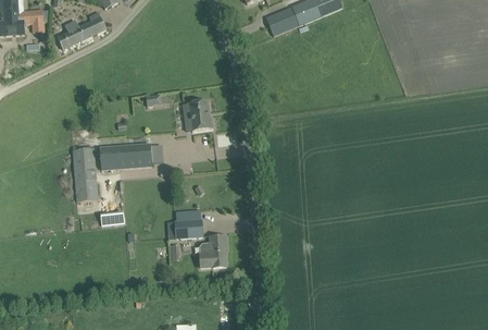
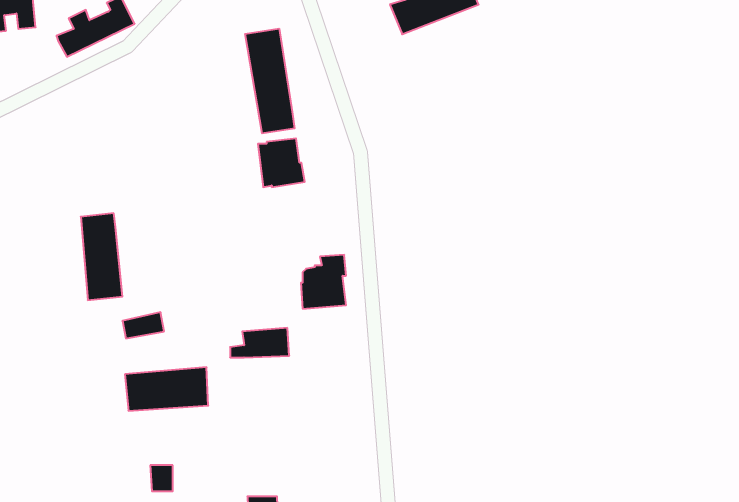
building: none -> [245,29,295,133]
building: [100,142,152,169] -> [125,367,208,411]
building: [199,234,227,268] -> [301,255,346,309]

